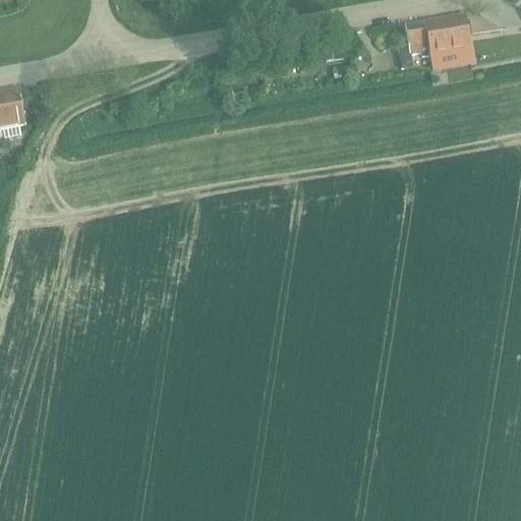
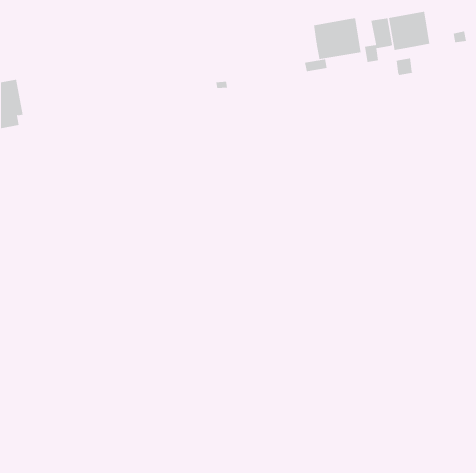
building: none -> [313,17,361,60]

